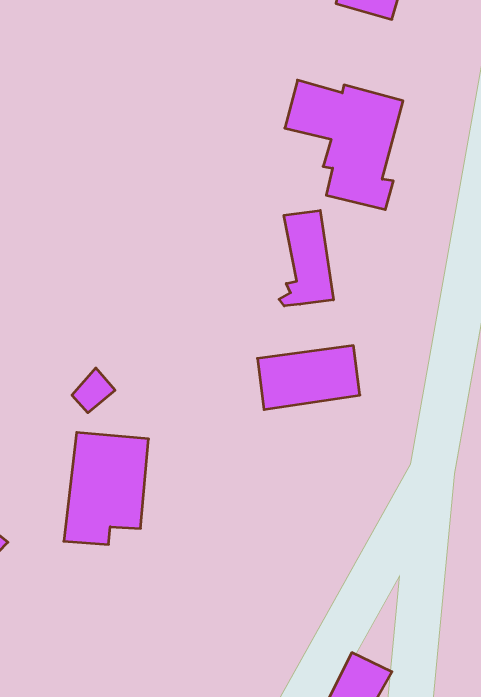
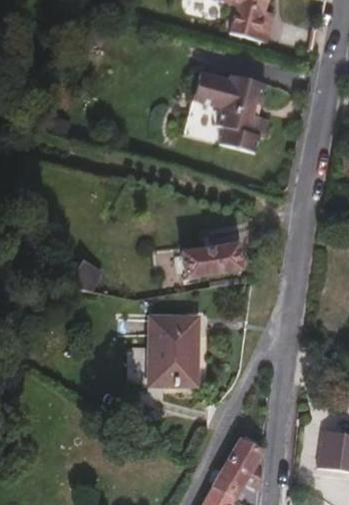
building: [279,210,333,306] -> none
building: [64,432,149,544] -> [144,319,198,389]

